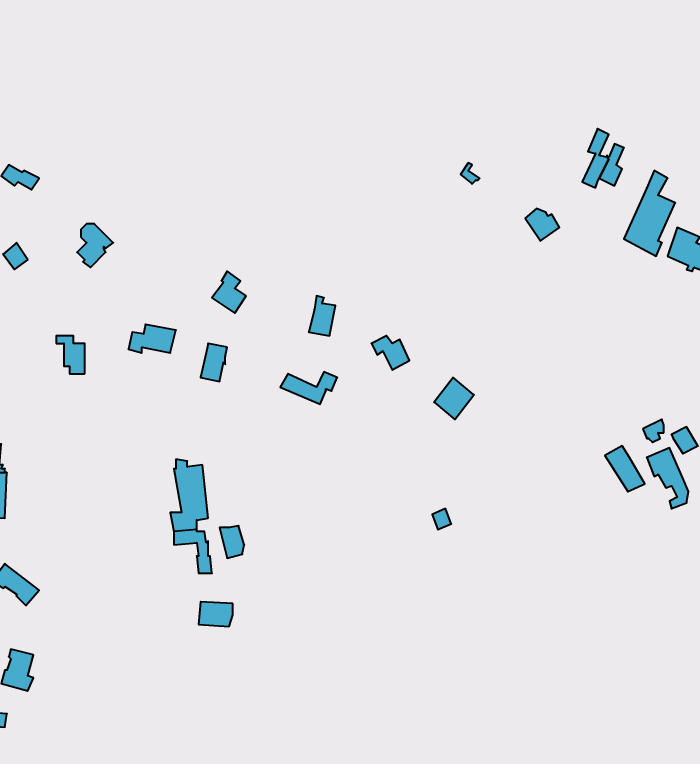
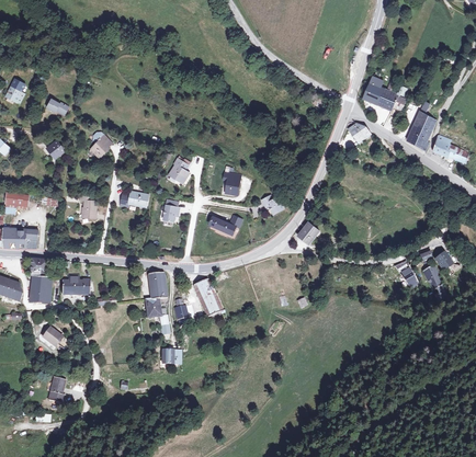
building: none -> [362,76,390,107]
building: none -> [61,274,90,294]
building: none -> [193,278,224,317]

